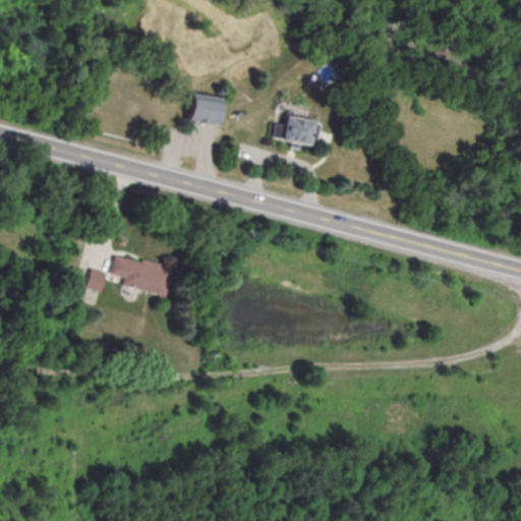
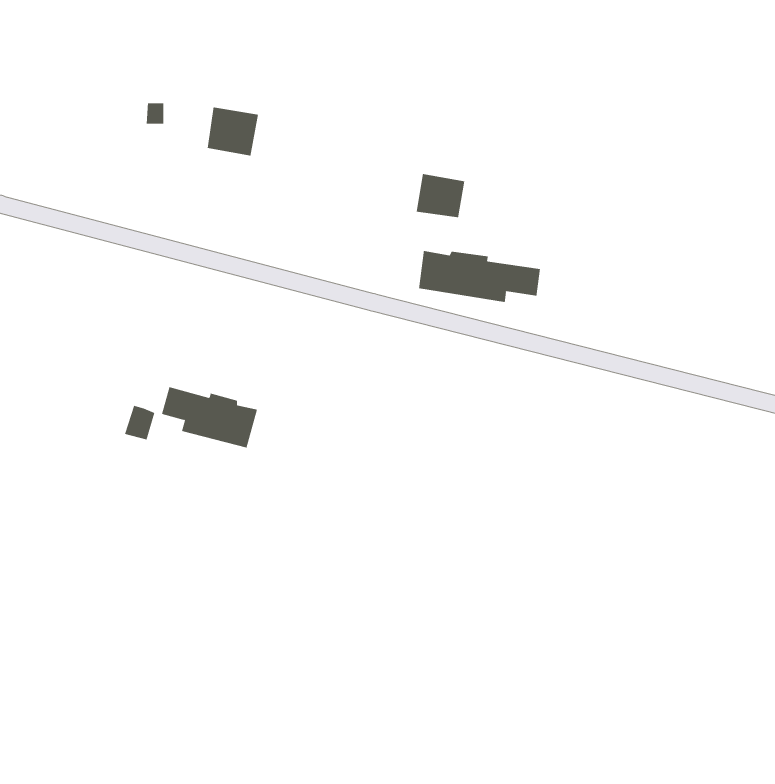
building: [189,93,224,125] -> [207,107,259,156]
building: none -> [419,250,540,303]

